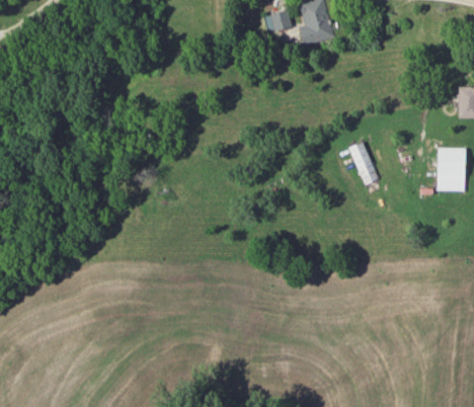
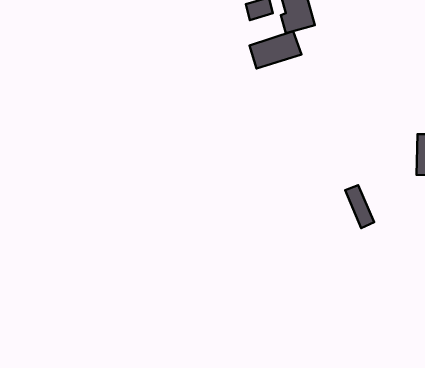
building: none -> [250,31,302,68]
building: [349,142,379,185] -> [345,185,374,228]

